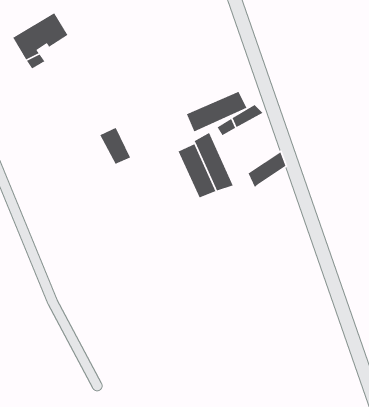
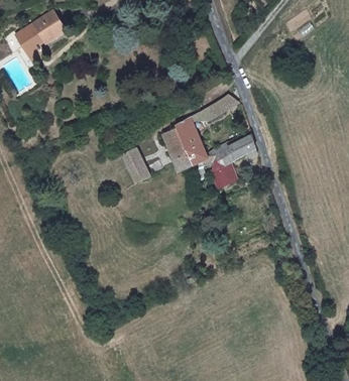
building: [186,91,247,132] -> none
building: [99,127,131,165] -> [118,148,146,181]
building: none -> [211,153,241,186]

